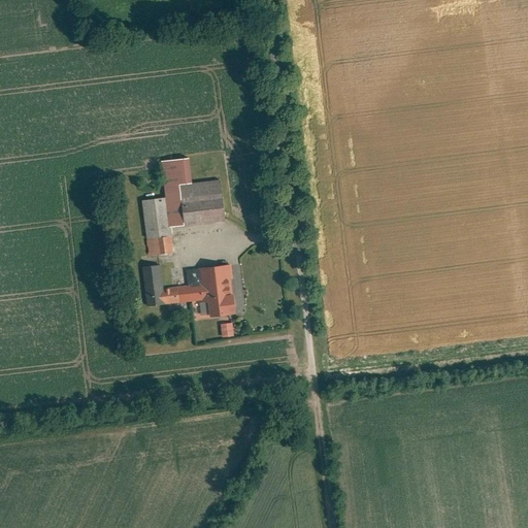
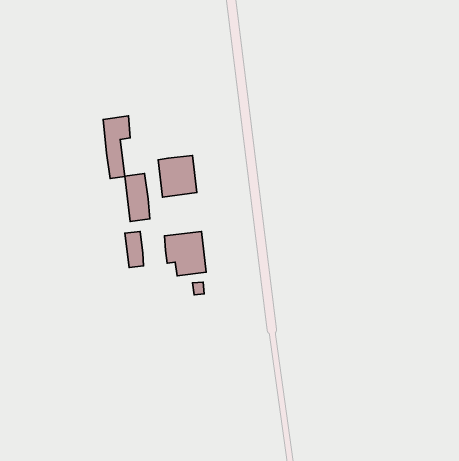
building: [161,157,192,228] -> [103,116,130,178]
building: [163,287,191,304] -> none

